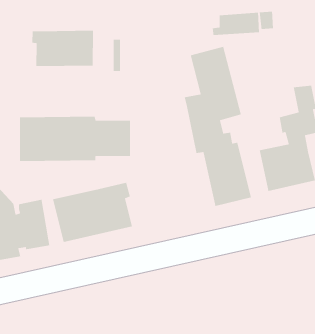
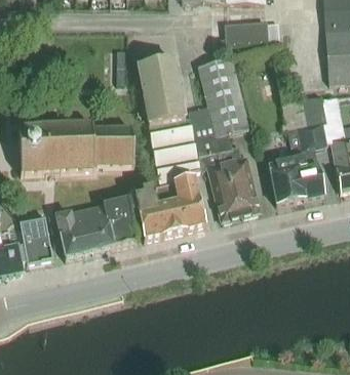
building: [31,30,94,67] -> none
building: none -> [131,56,204,239]

